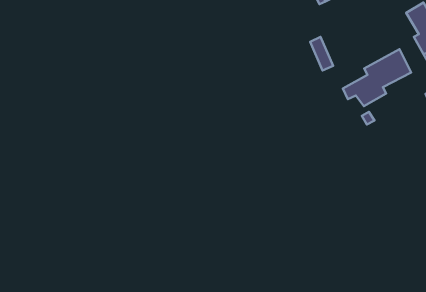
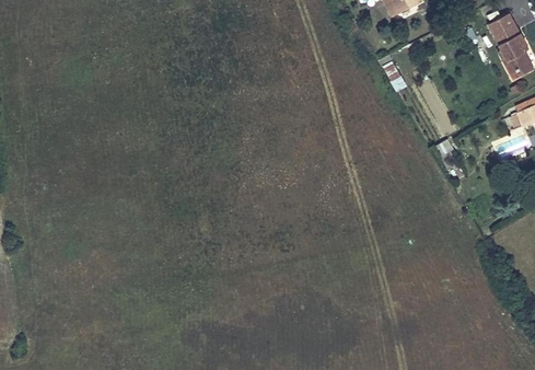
building: [343,49,411,106] -> none

